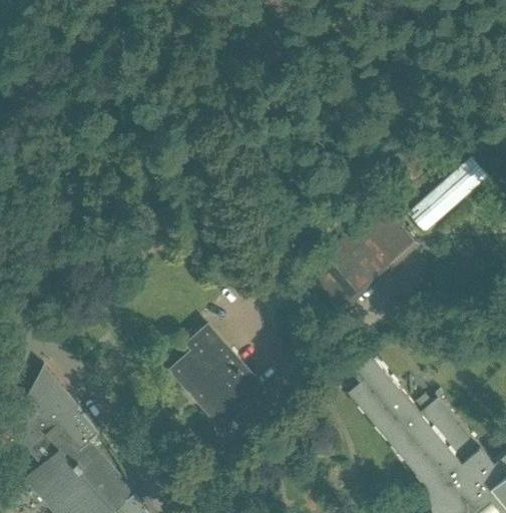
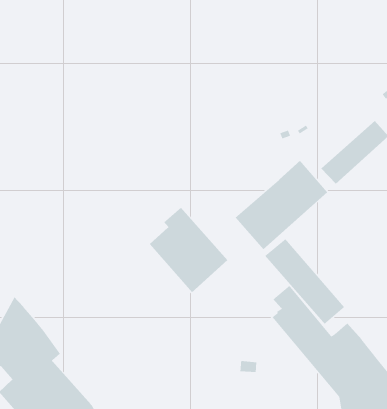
building: none -> [264,238,345,325]
building: [169,326,264,428] -> [149,207,228,293]

